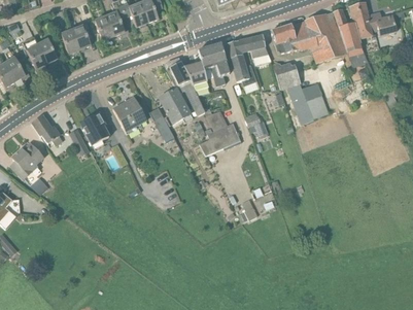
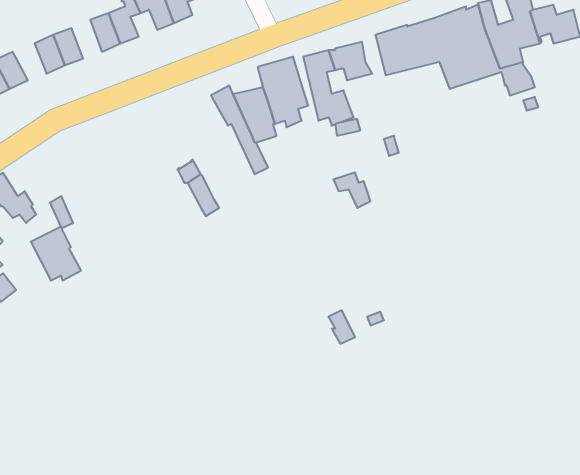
building: [272,62,322,124] -> none
building: [161,89,192,124] -> none
building: [113,97,145,134] -> none
building: [200,110,241,156] -> none
building: [80,112,111,145] -> [31,227,81,281]

